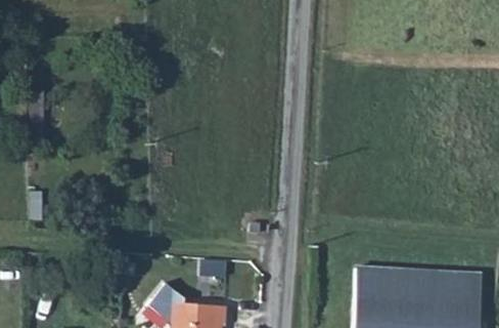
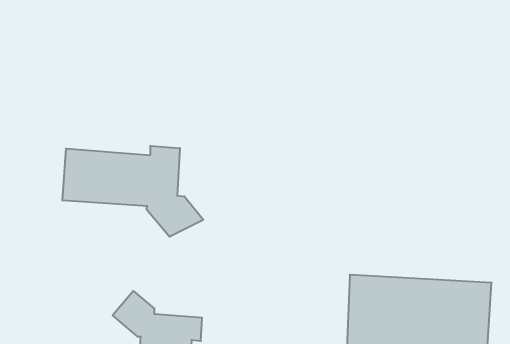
building: none -> [63,146,203,237]

